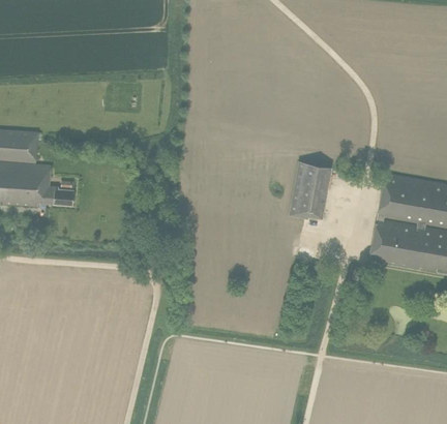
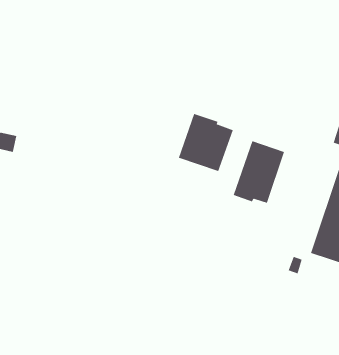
building: none -> [178,113,234,172]

